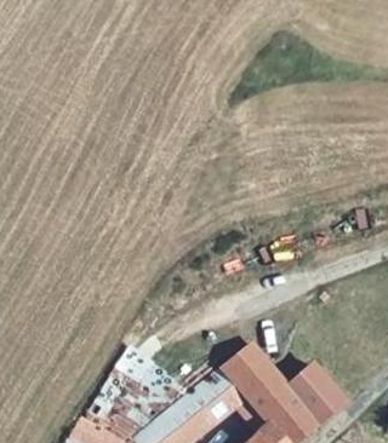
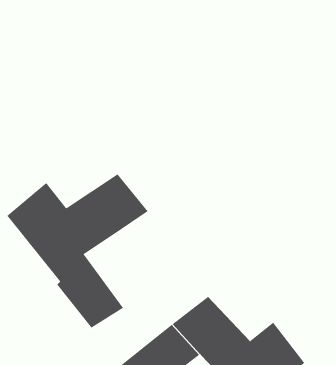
building: none -> [6,174,149,328]

